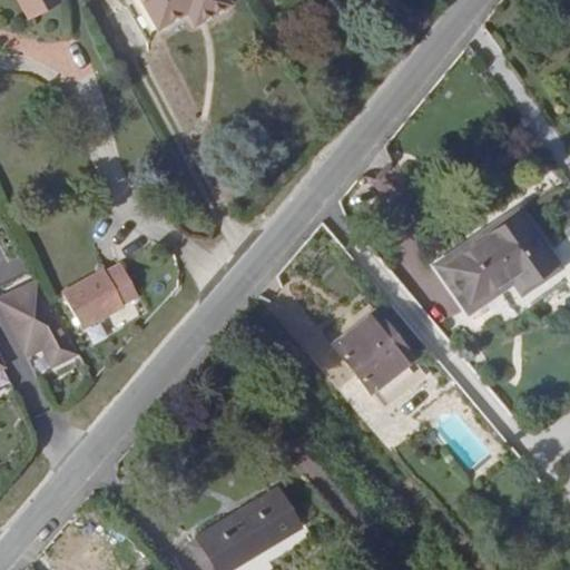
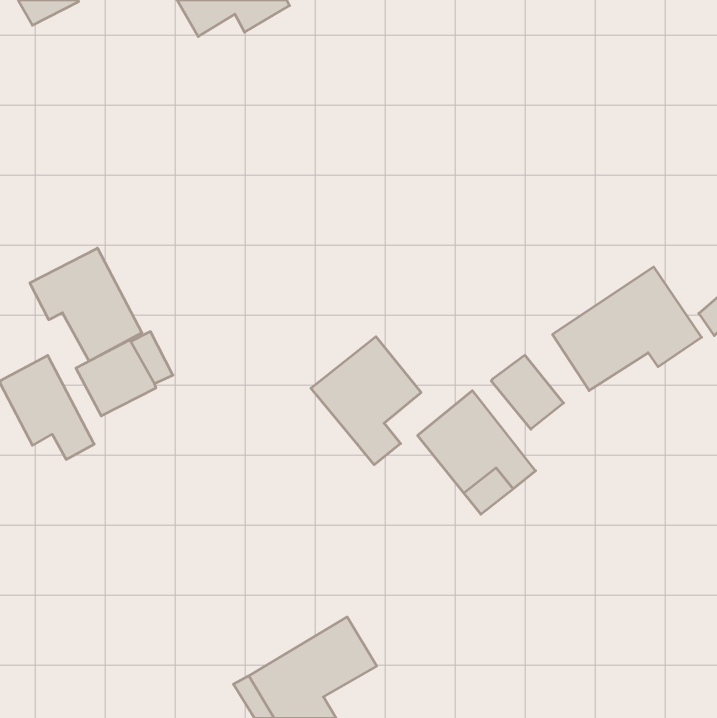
building: none -> [30,248,142,361]
building: none -> [311,337,421,465]
building: none -> [491,355,564,429]

